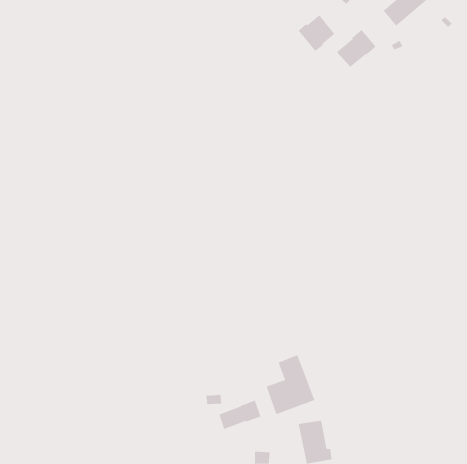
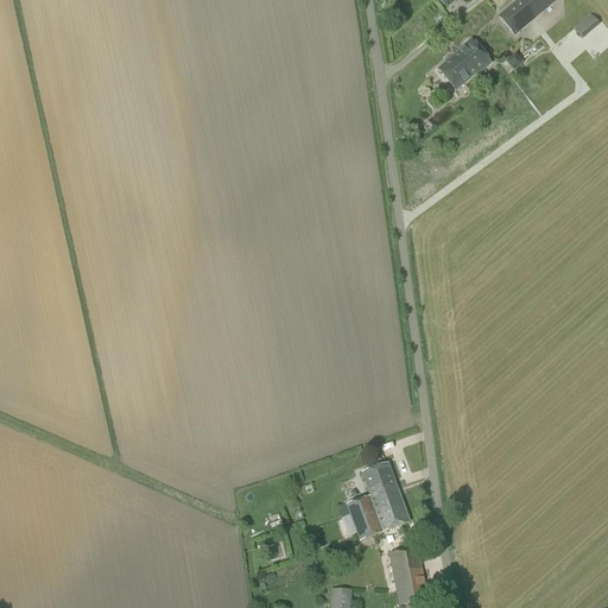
building: [298,14,335,52] -> none
building: [219,400,261,430] -> none

